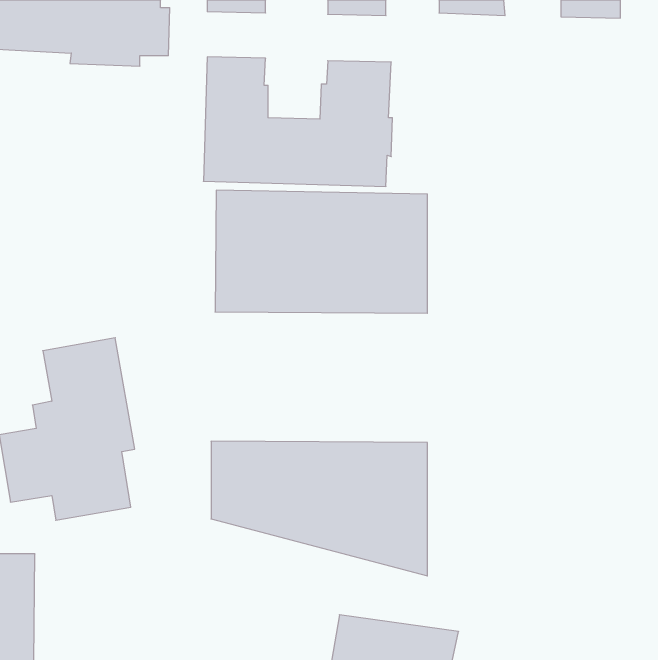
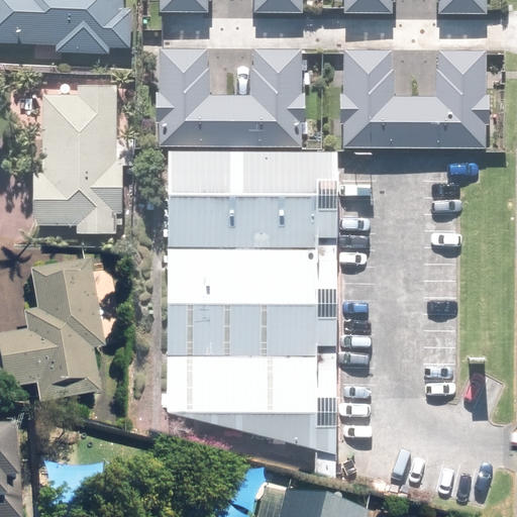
building: none -> [339,45,491,147]
building: none -> [32,82,125,232]
building: none -> [165,244,333,346]

